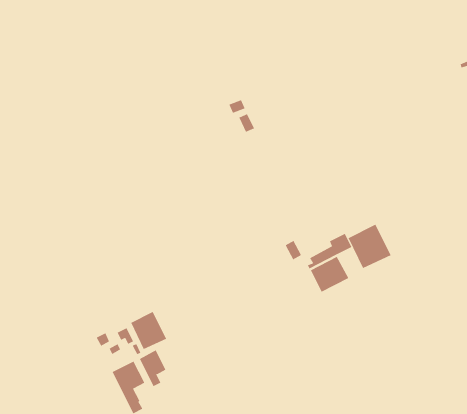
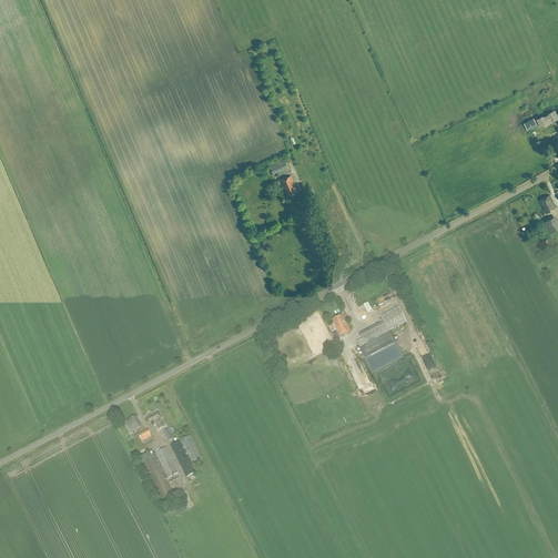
building: [348,224,392,269] -> none
building: [130,311,167,350] -> none

